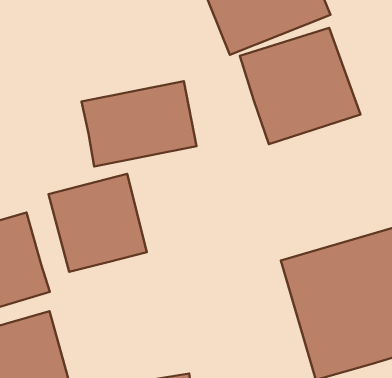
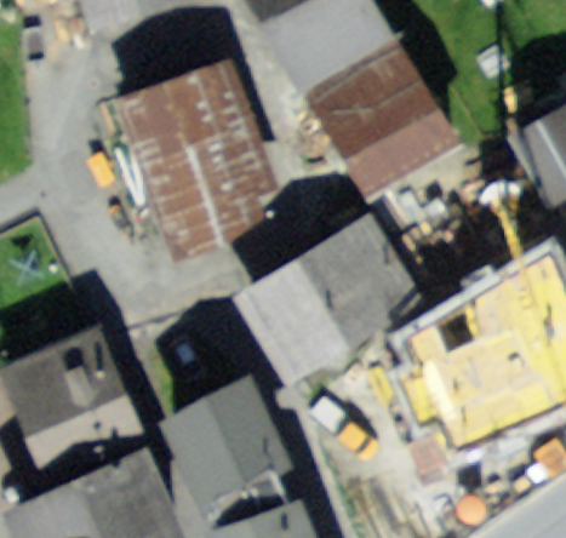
building: none -> [101,59,250,188]
building: none -> [242,217,413,370]
building: [49,174,147,272] -> [164,367,291,494]

